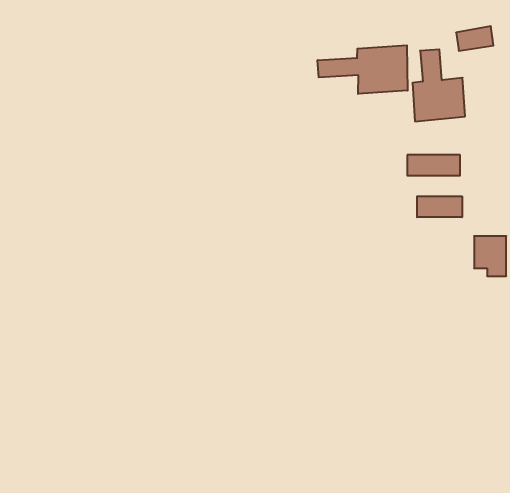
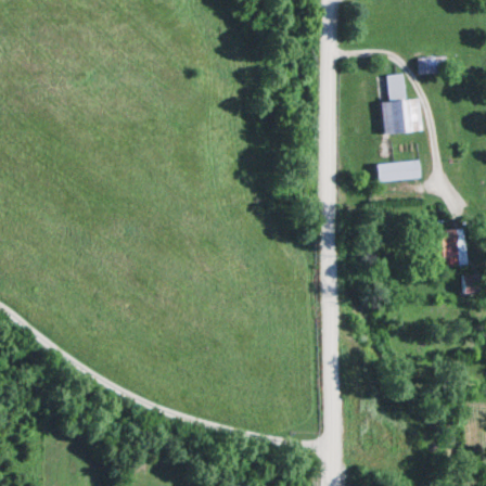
building: [318,45,408,94] -> none
building: [417,196,462,217] -> none

